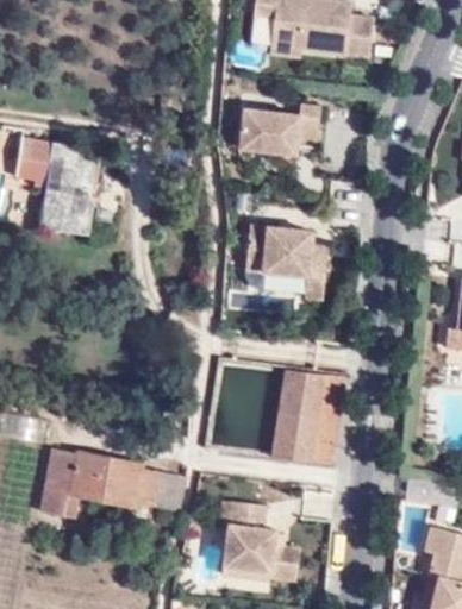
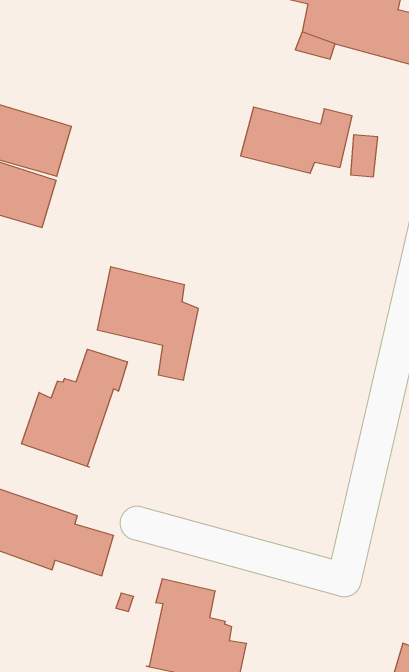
building: [246,222,327,307] -> [97,267,198,380]
building: none -> [22,349,127,467]
building: [269,365,344,470] -> none

